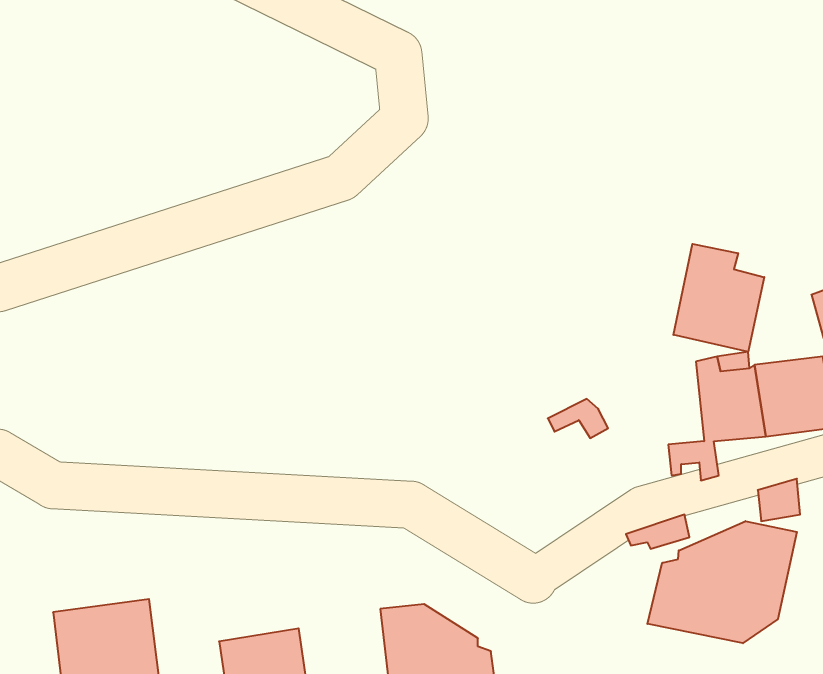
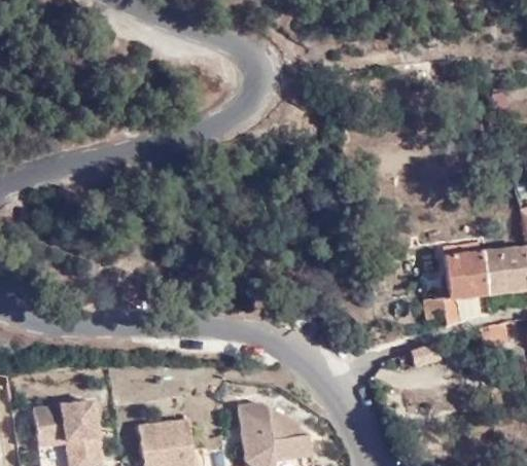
building: [673,244,764,352] -> none
building: [647,521,797,643] -> none

